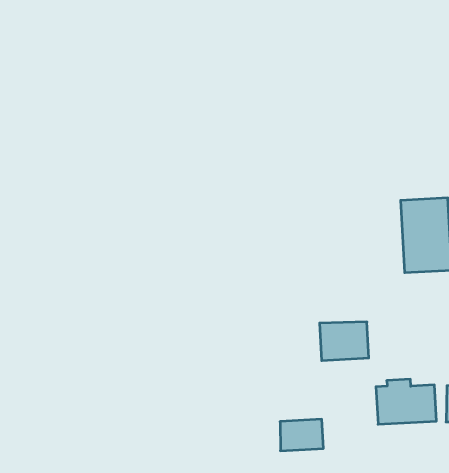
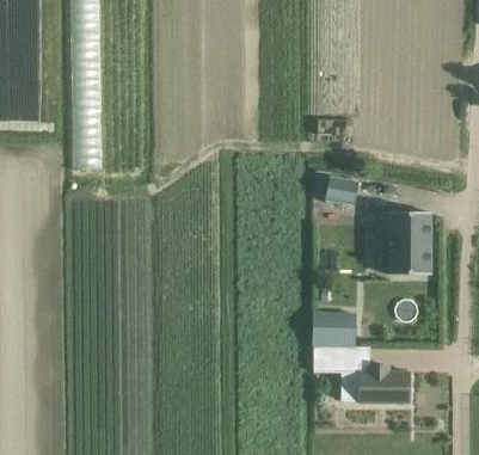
building: none -> [326,176,358,204]
building: [280,419,323,451] -> [313,345,350,370]

